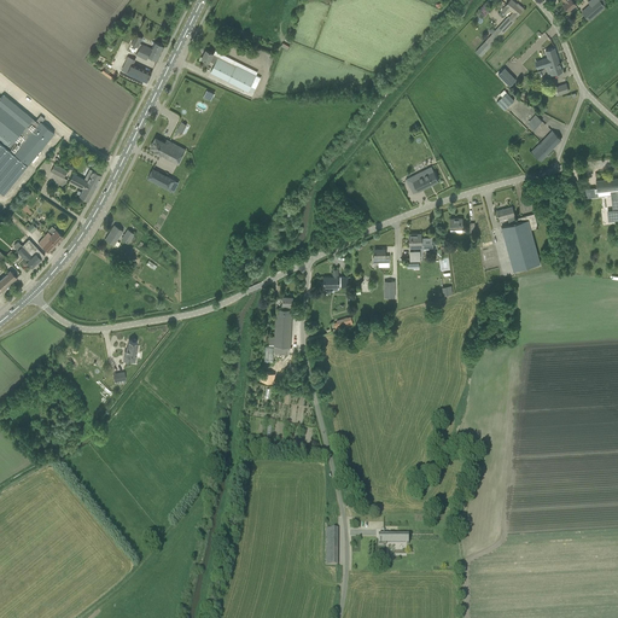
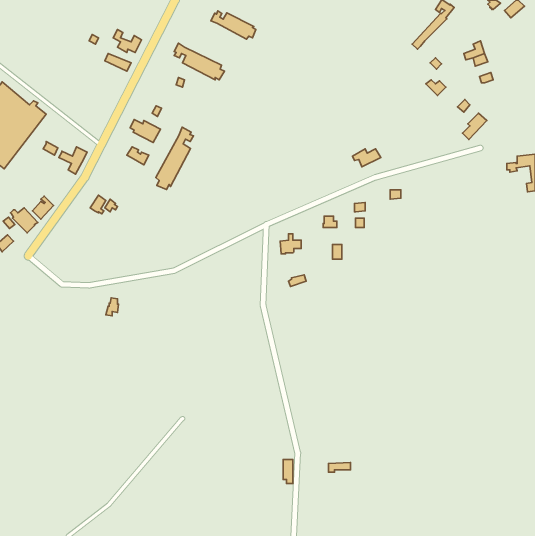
building: none -> [211,11,256,39]
building: none -> [156,127,194,189]
building: [496,206,540,270] -> none
building: [268,296,292,355] -> none

